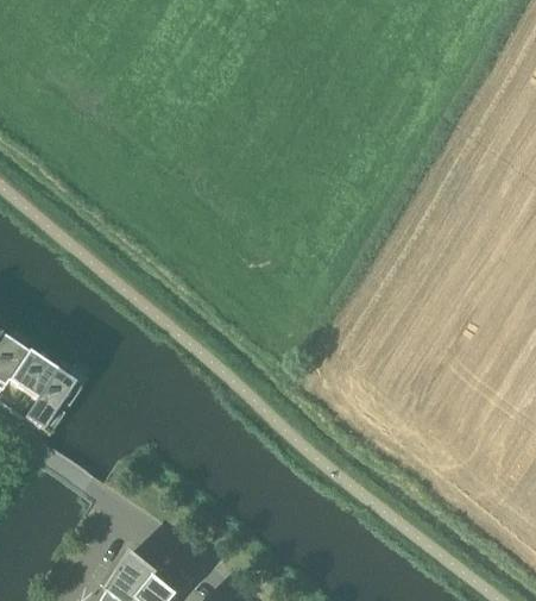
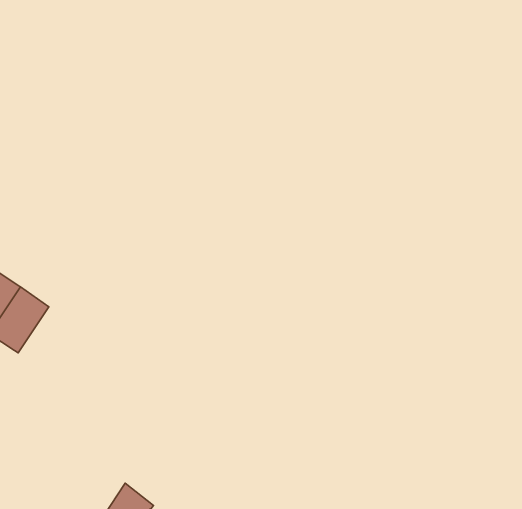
building: [23,370,78,433] -> none

